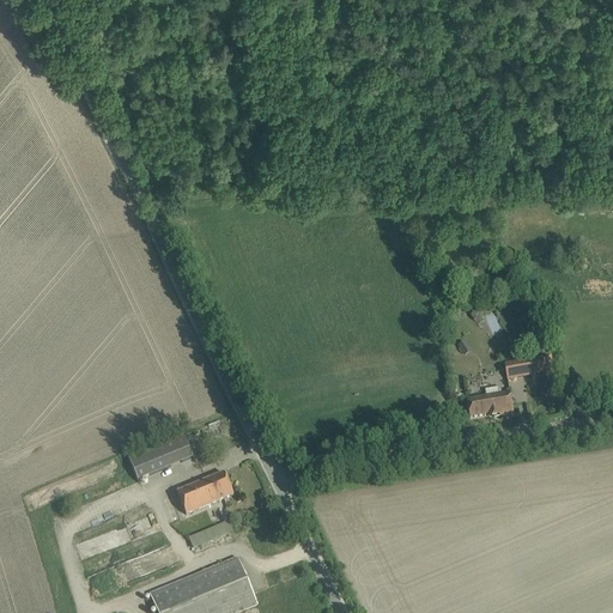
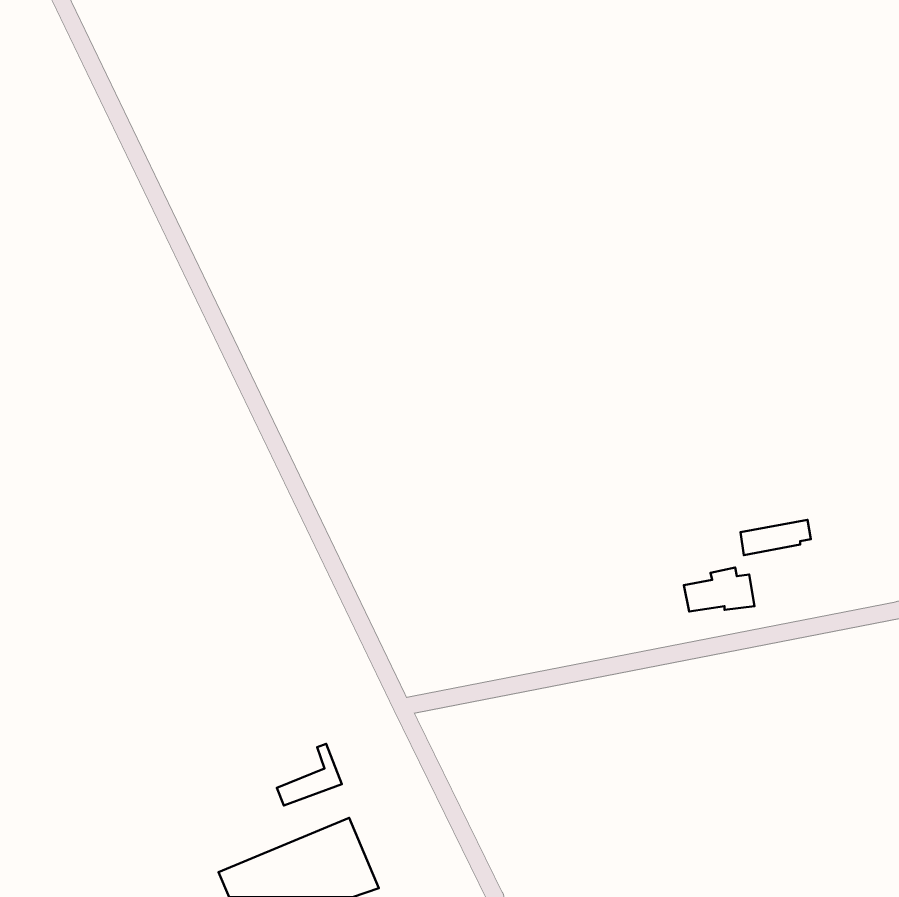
building: [128,433,193,478] -> none
building: [175,471,232,512] -> none

